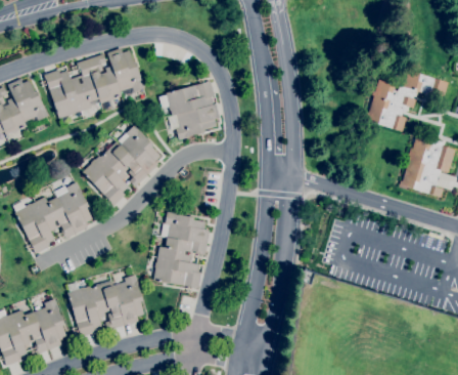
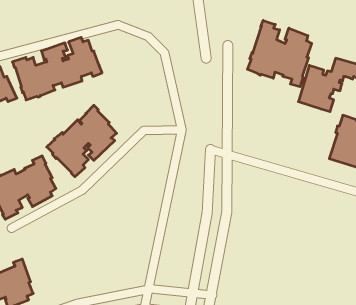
building: none -> [247,20,312,87]
building: [158,80,219,139] -> none
building: [151,211,209,288] -> none
building: [66,275,144,337] -> none

